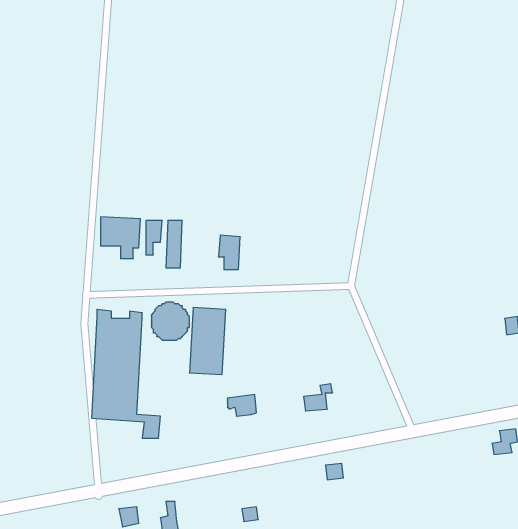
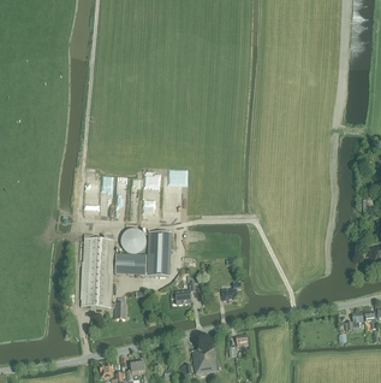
building: none -> [114,254,145,275]
building: none -> [191,348,219,373]

